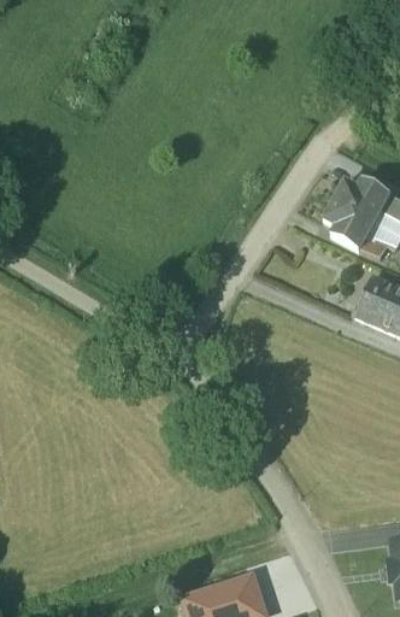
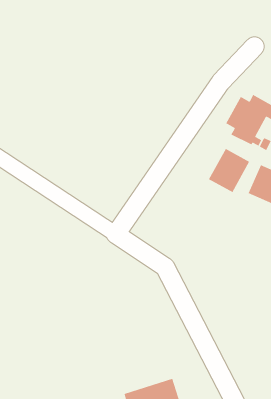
building: none -> [208,148,250,193]

